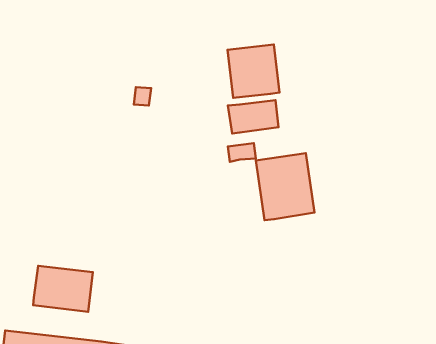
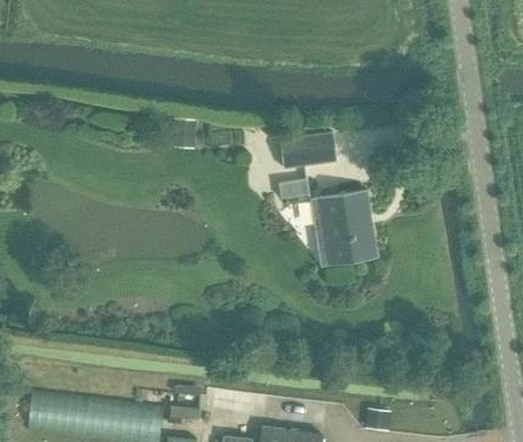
building: [228,45,280,98] -> none
building: [33,266,93,312] -> none

